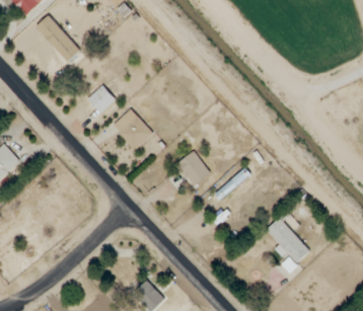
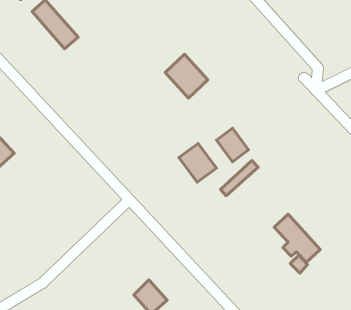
building: [87,85,116,113] -> none
building: [113,108,153,150] -> [165,54,208,98]
building: none -> [217,128,249,162]

